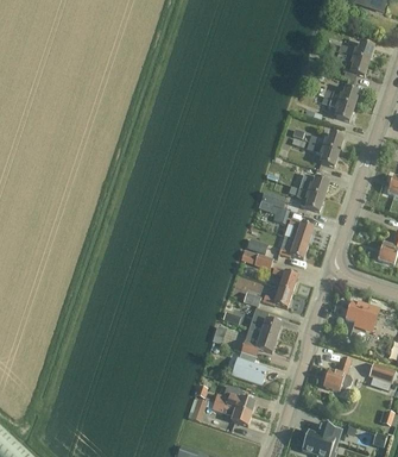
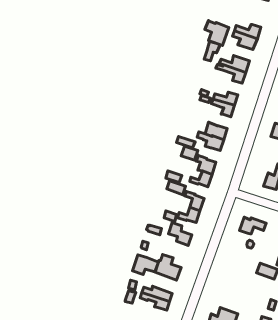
building: none -> [205,21,229,46]
building: [241,328,276,355] -> [133,255,158,275]
building: [322,356,352,390] -> none

